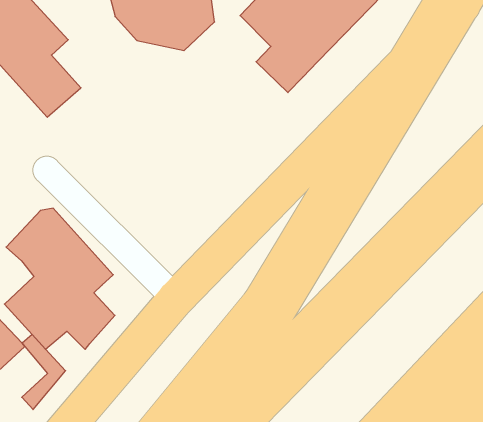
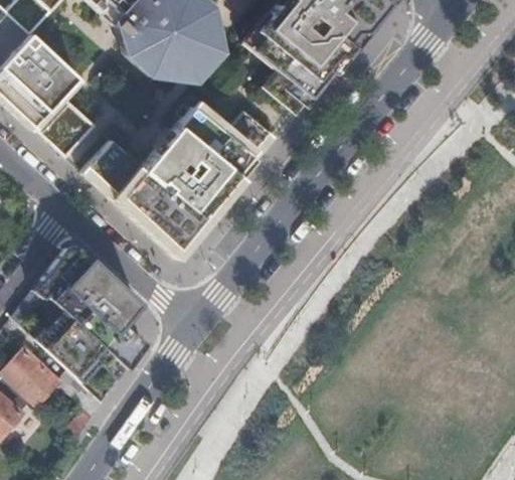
building: none -> [81,103,278,257]

